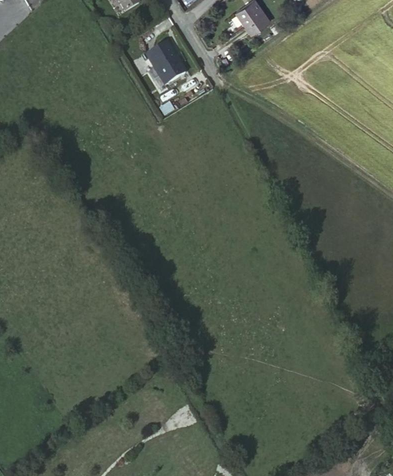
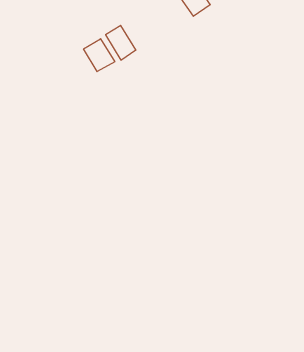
building: none -> [84,39,115,72]

